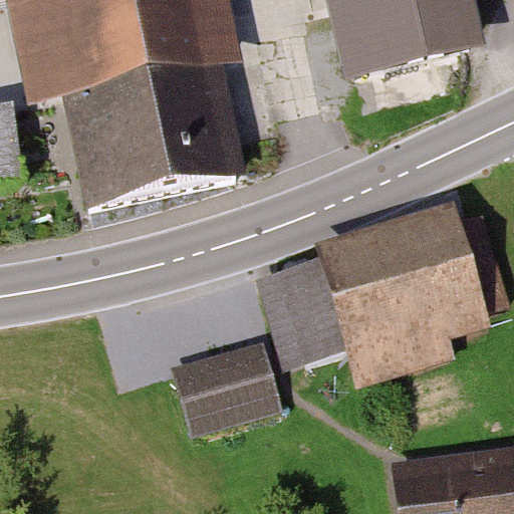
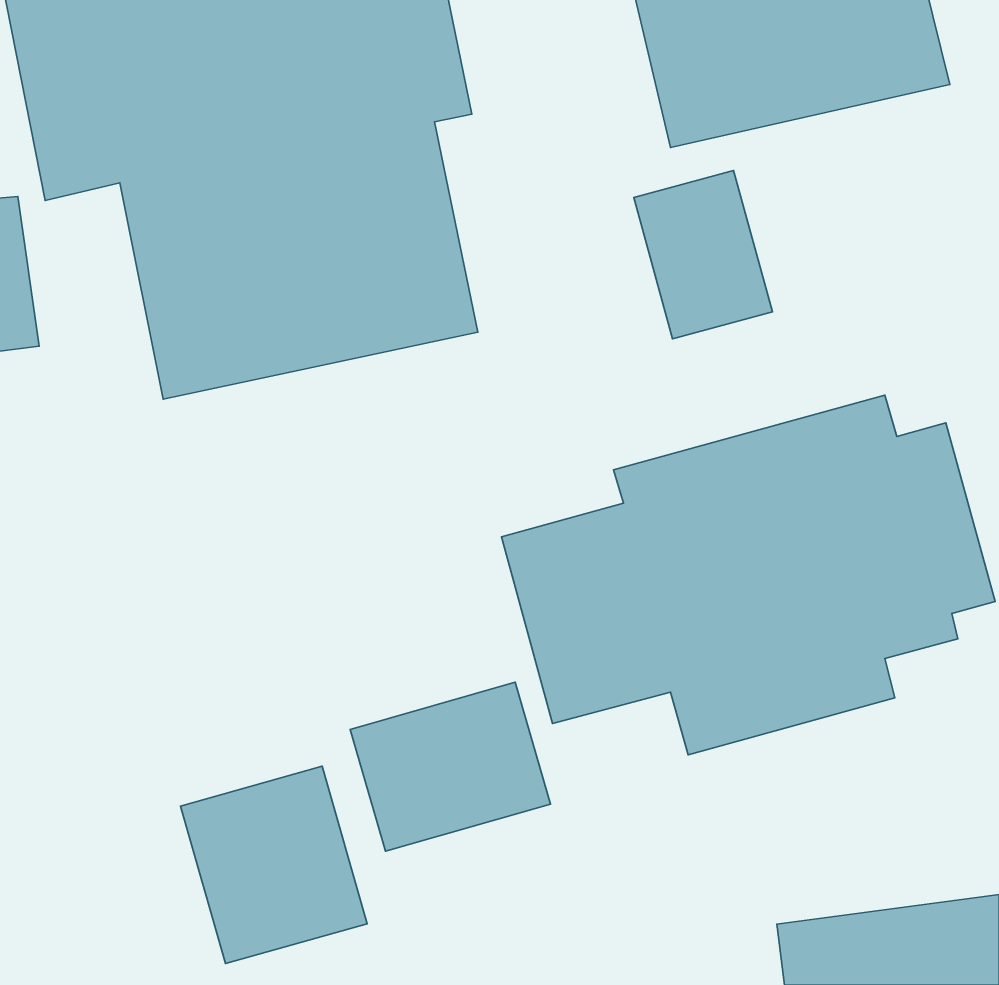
building: none -> [634,171,772,339]
building: none -> [181,766,367,964]

